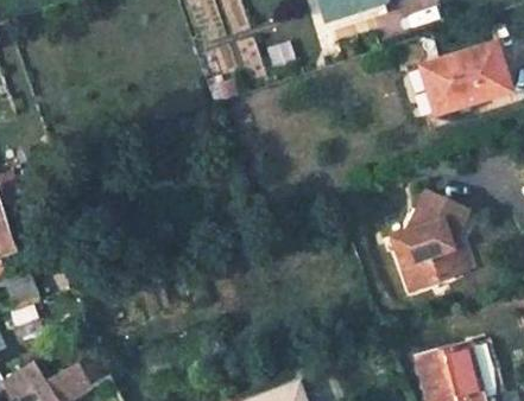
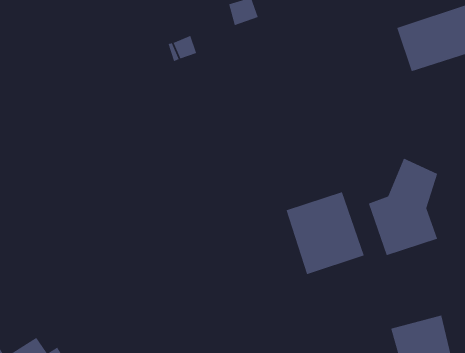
building: none -> [286,191,365,275]

